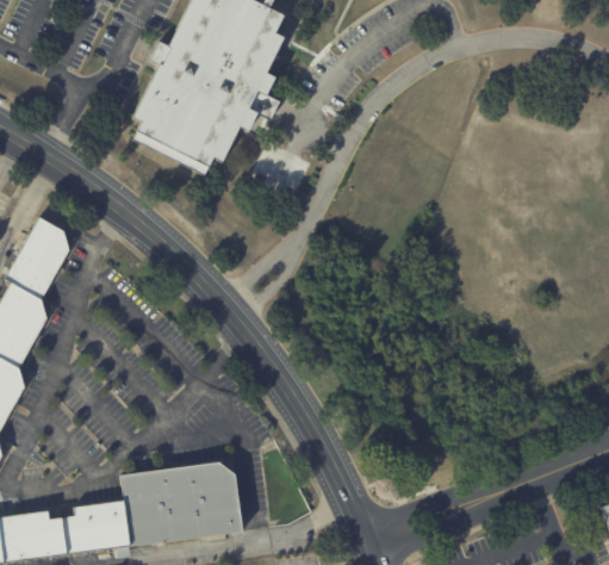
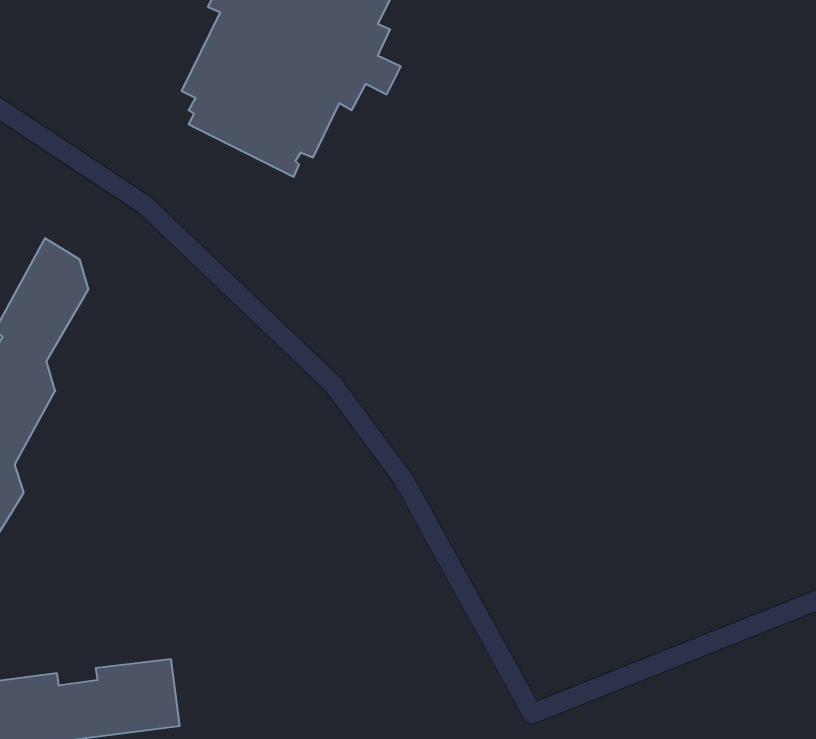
building: [122,461,242,546] -> none

